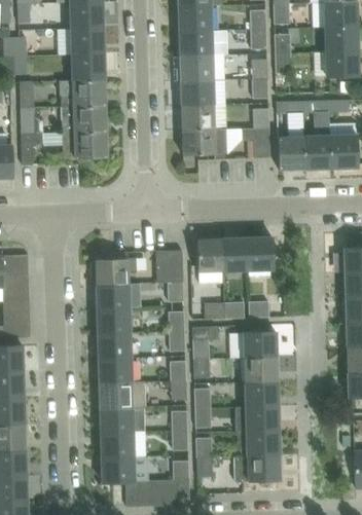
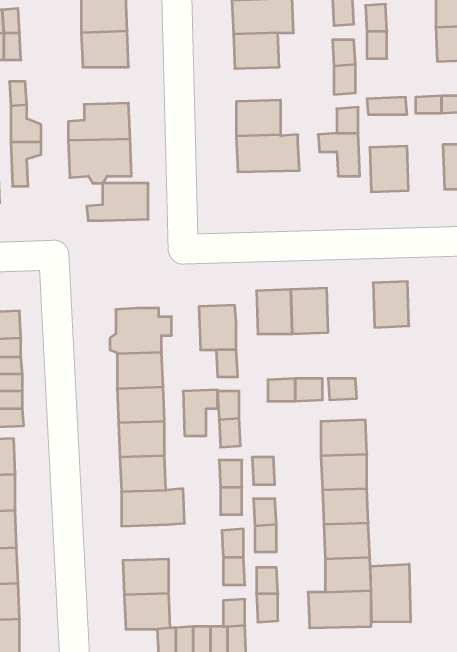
building: [61,79,105,106] -> [87,183,148,221]
building: [181,79,214,104] -> none
building: [304,135,331,168] -> none
building: [247,236,273,269] -> [373,282,409,327]
building: [192,326,217,359] -> [183,390,218,436]
building: [100,407,134,433] -> none
building: none -> [371,564,410,622]

